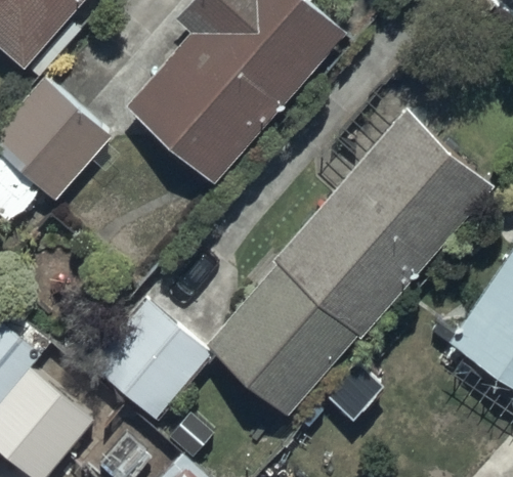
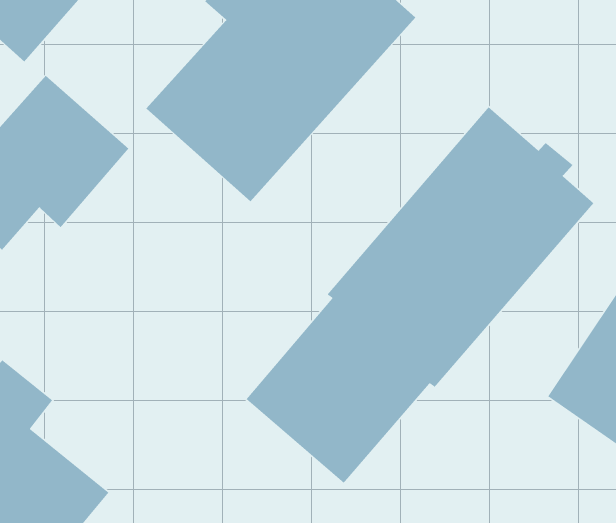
building: [90,298,213,422] -> none

